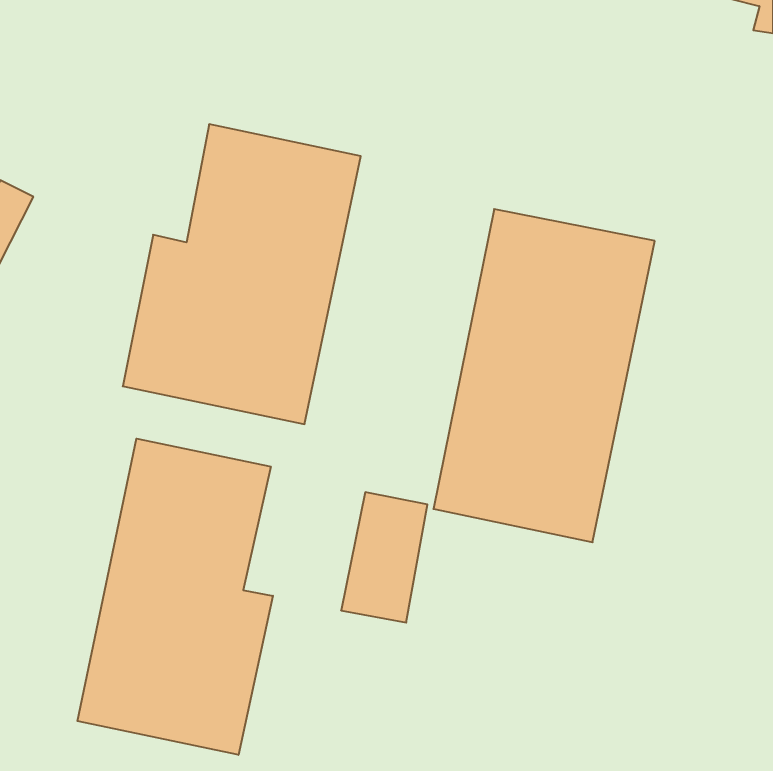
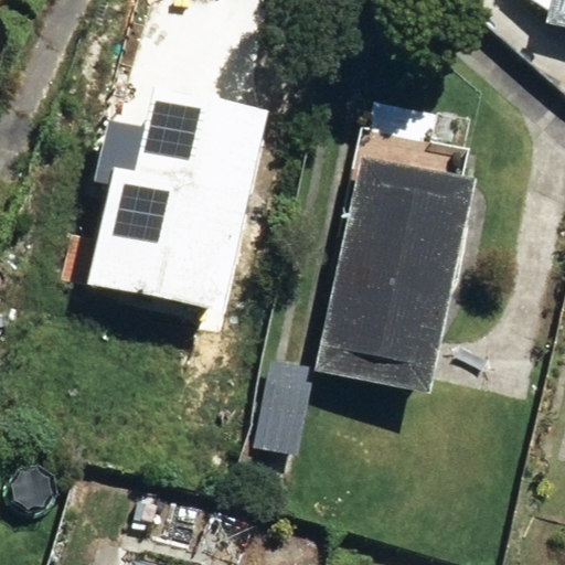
building: [77,439,273,755] -> none

